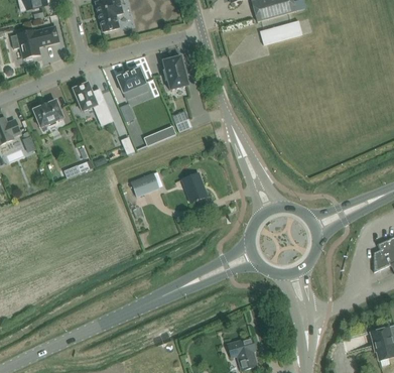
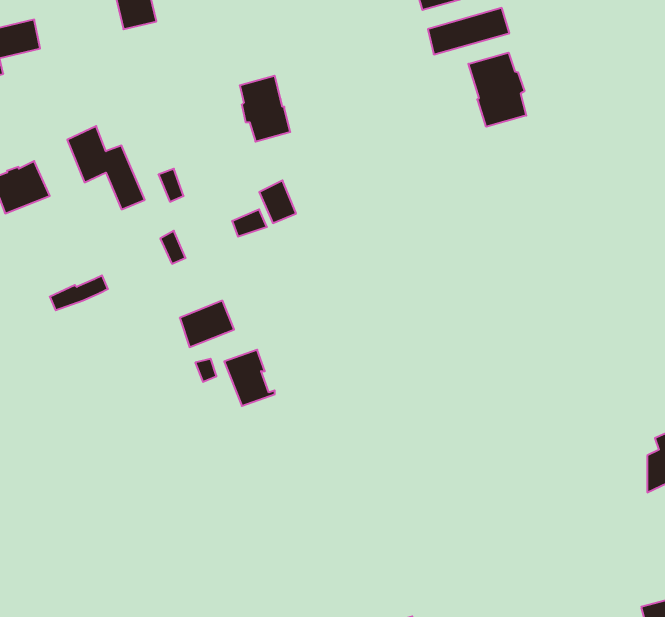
building: none -> [468,53,526,127]
building: [116,68,147,94] -> none
building: [181,172,208,202] -> [224,350,275,406]

